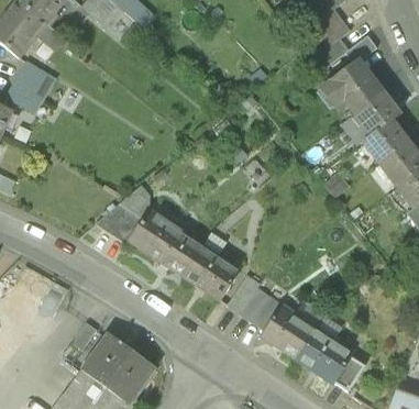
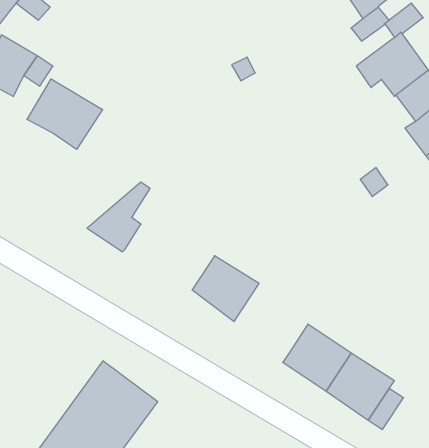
building: none -> [27,79,103,149]
building: [128,209,202,274] -> none
building: [227,274,280,328] -> none

